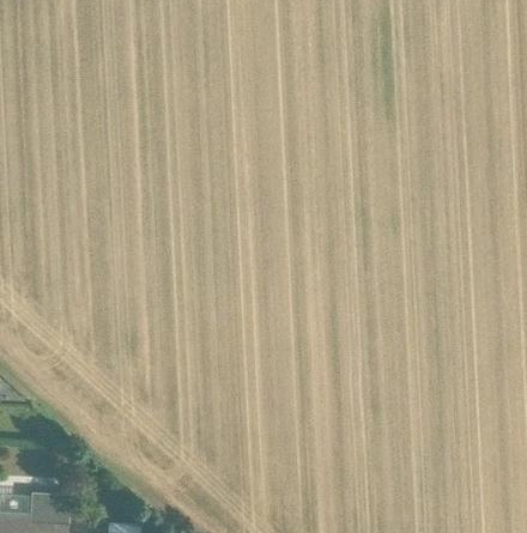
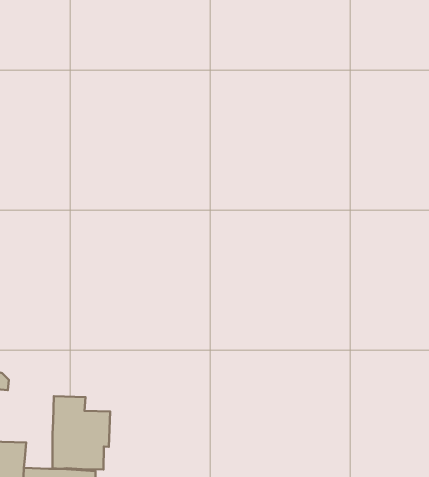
building: none -> [52,396,110,470]

